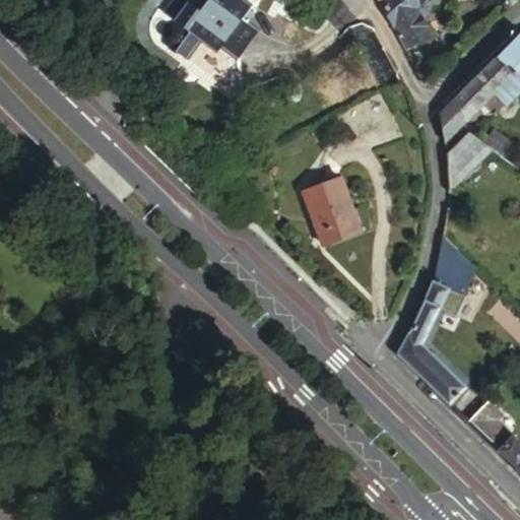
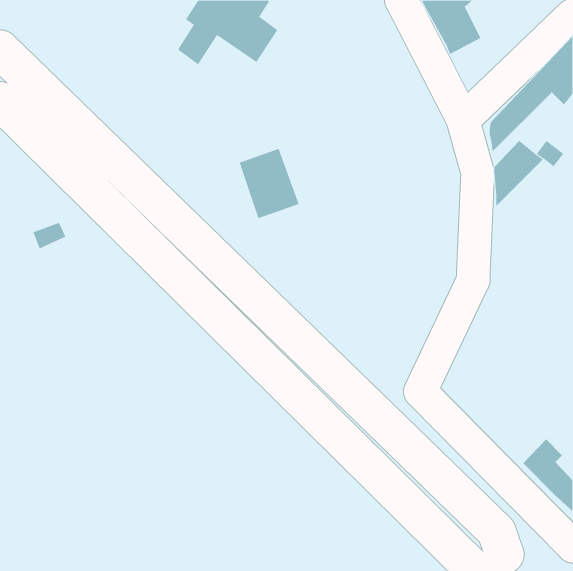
building: [301,179,355,243] -> [239,148,299,219]
building: [401,235,478,401] -> none

